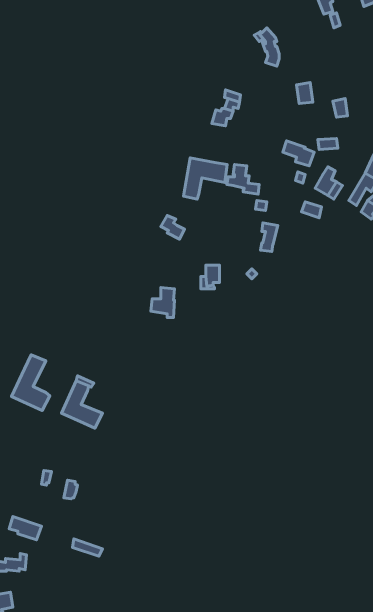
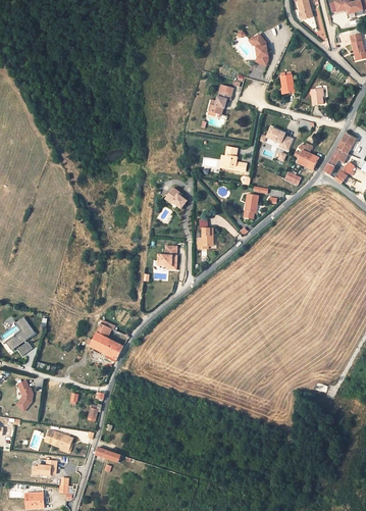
building: [184,158,227,199] -> none
building: [11,355,50,411] -> none

